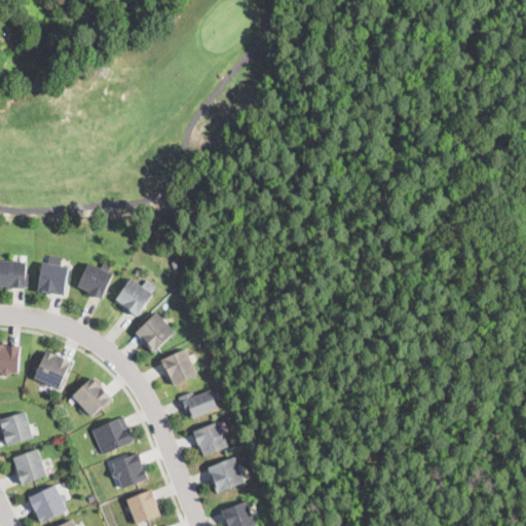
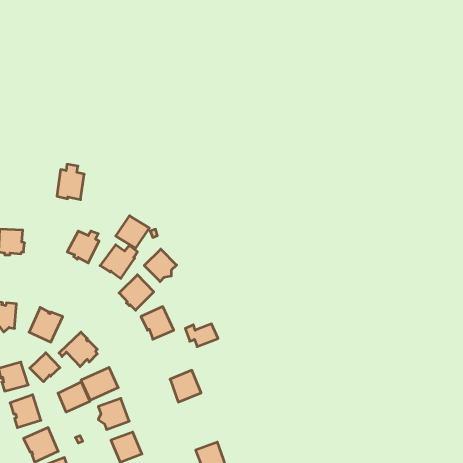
building: none -> [116,216,149,248]
building: [37,256,68,296] -> [57,164,84,200]
building: none -> [144,249,177,282]
building: [179,390,216,416] -> [185,324,218,347]
building: none -> [30,353,60,382]
building: none -> [58,382,90,412]
building: [205,456,243,493] -> none

